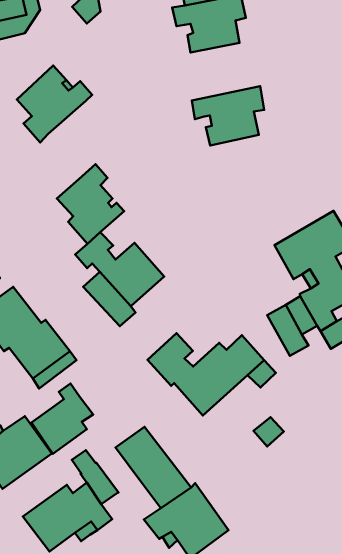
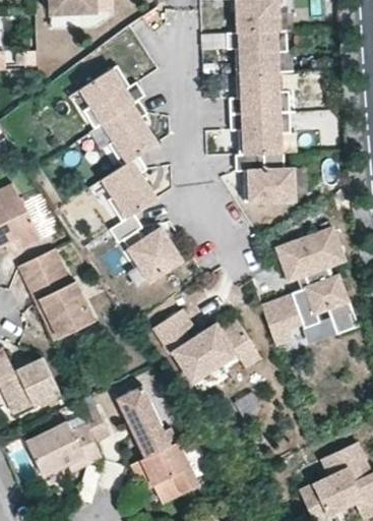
building: none -> [229,73,290,115]
building: none -> [104,100,159,165]
building: none -> [235,154,295,202]
building: [31,383,93,454] -> none

